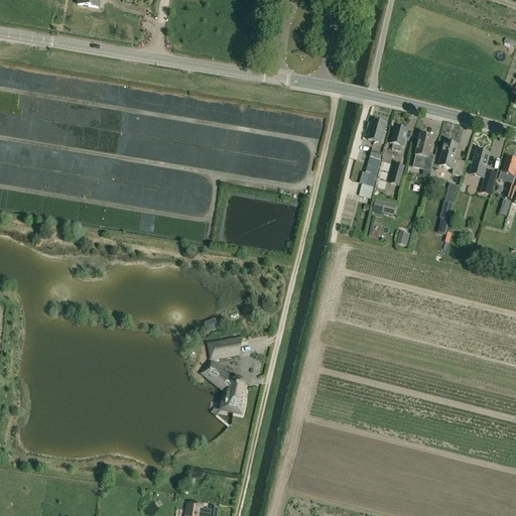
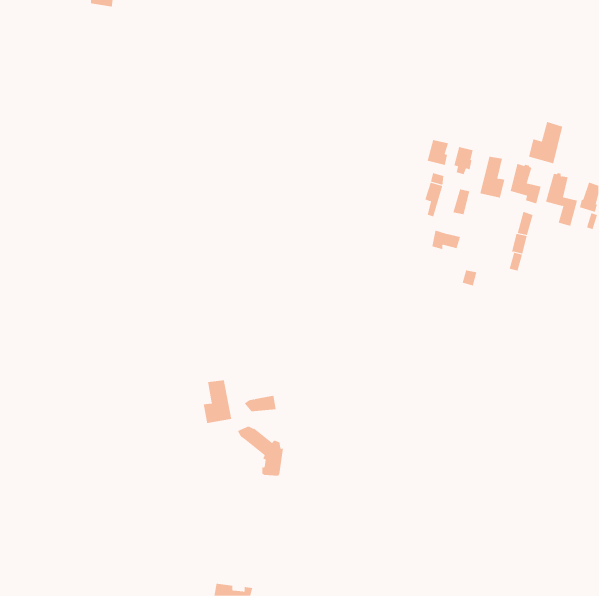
building: none -> [529,121,563,164]
building: none -> [203,380,232,424]

